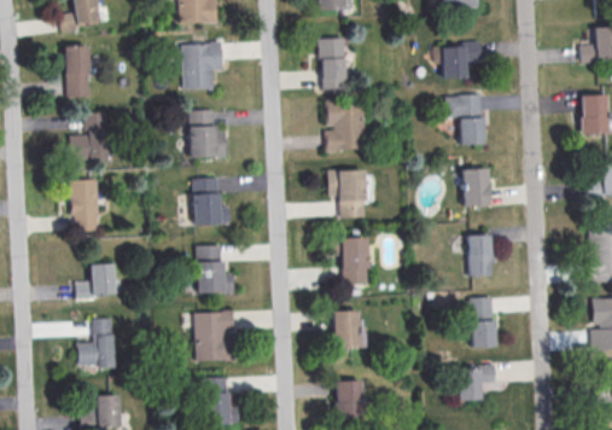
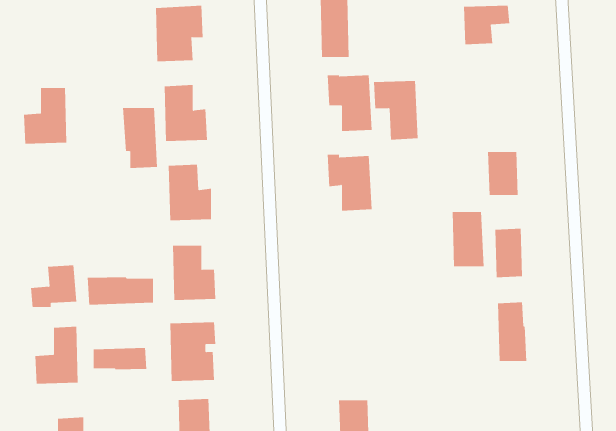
building: [64,47,89,98] -> none
building: [447,93,485,144] -> [373,80,419,140]
building: [70,179,100,231] -> [122,108,158,169]
building: [343,237,371,284] -> [452,211,485,267]
building: none -> [87,276,154,305]
building: [334,309,367,348] -> none
building: none -> [93,347,147,370]
building: [459,366,497,400] -> none

